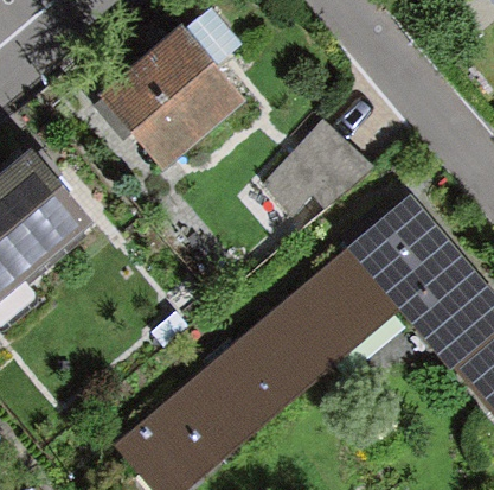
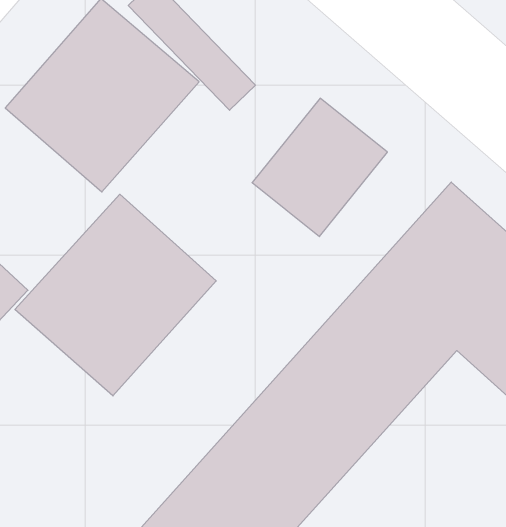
building: none -> [15,194,216,396]

